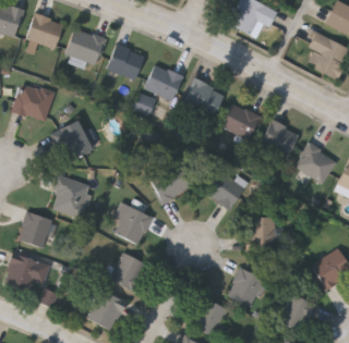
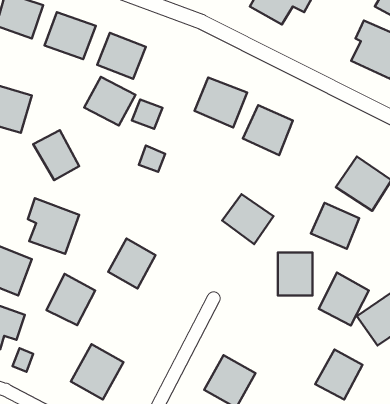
building: [144,62,184,100] -> [84,77,136,126]
building: [261,120,299,156] -> [311,203,359,249]
building: [151,163,191,203] -> none
building: [109,250,147,291] -> [47,274,95,325]
building: [227,266,266,307] -> [319,273,369,325]

